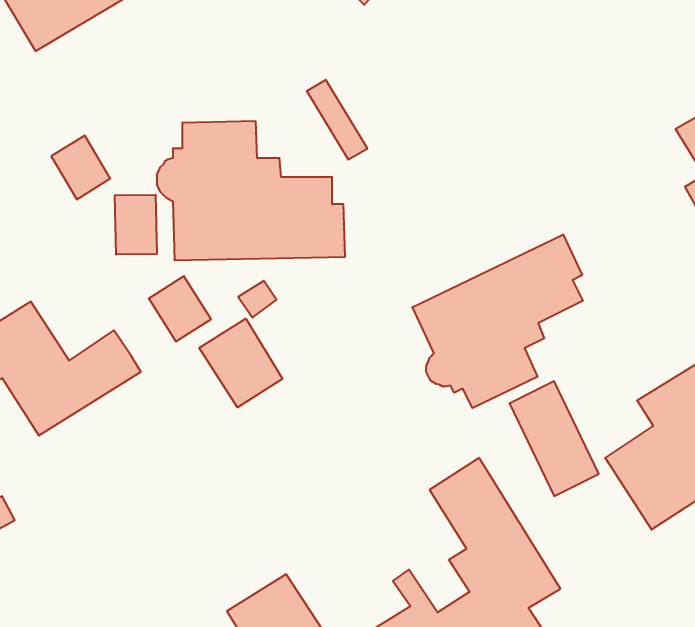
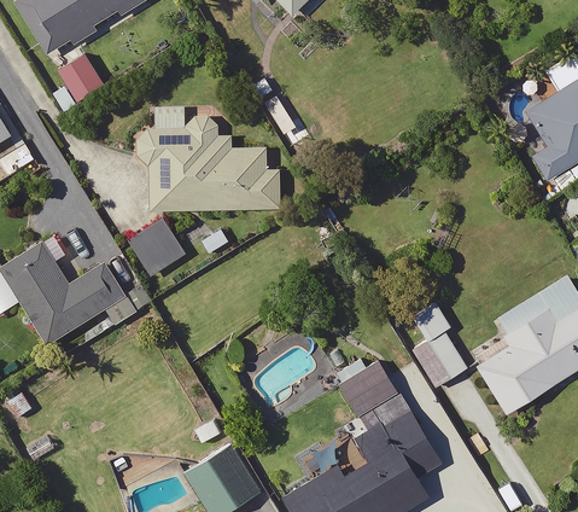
building: [51,136,110,199] -> [59,56,104,104]
building: [115,195,157,255] -> none
building: [412,234,583,408] -> none
building: [199,319,282,407] -> none

